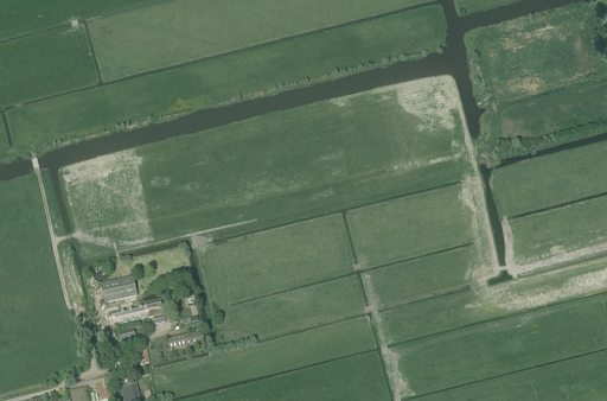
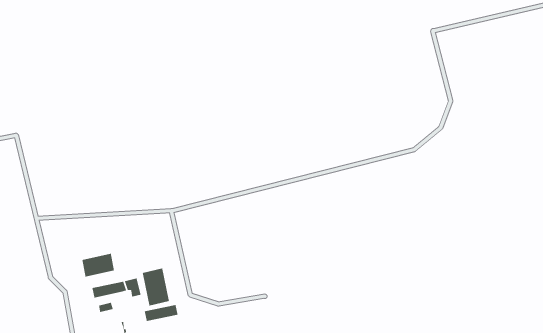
building: none -> [142,267,170,306]

